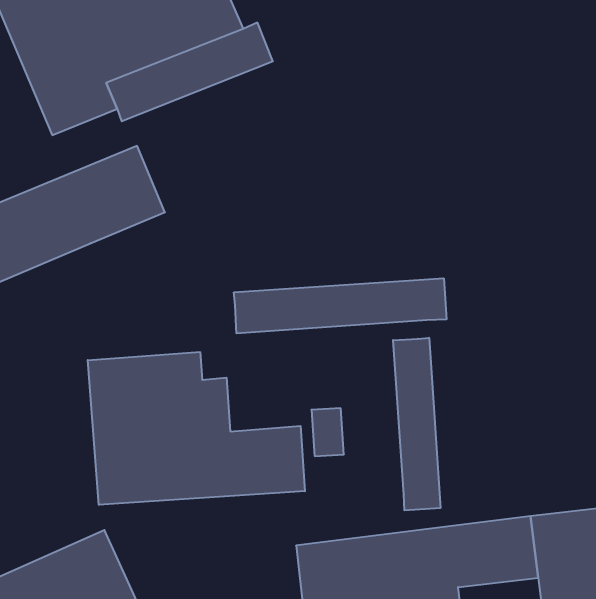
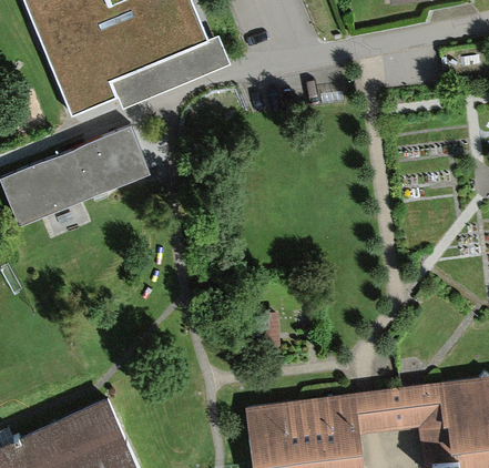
building: [234,278,446,333] -> none
building: [393,338,440,510] -> none
building: [88,352,305,505] -> none

